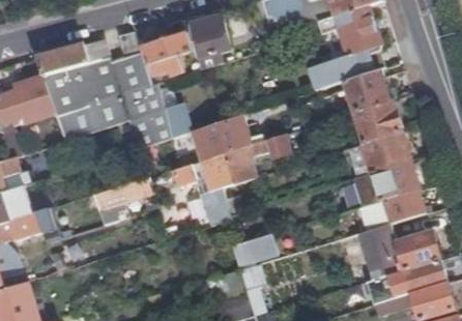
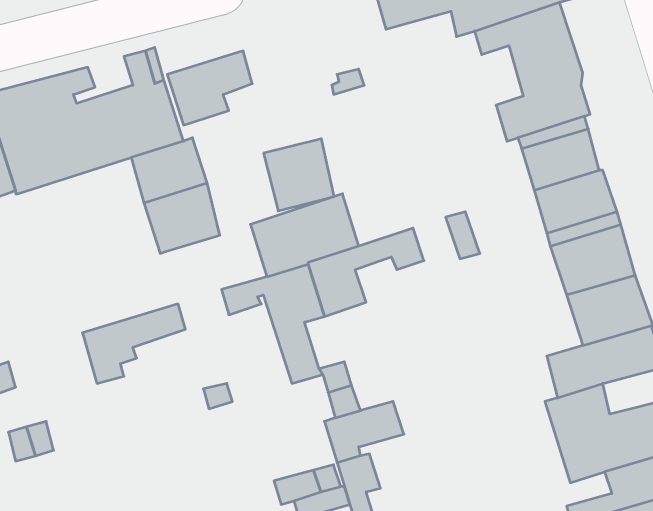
building: [189,16,229,57] -> [264,139,334,211]
building: [55,93,127,140] -> none

